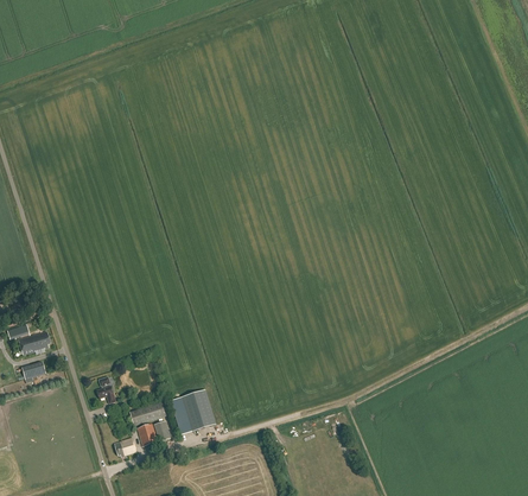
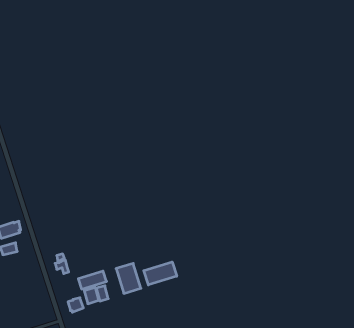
building: none -> [144,262,177,285]

